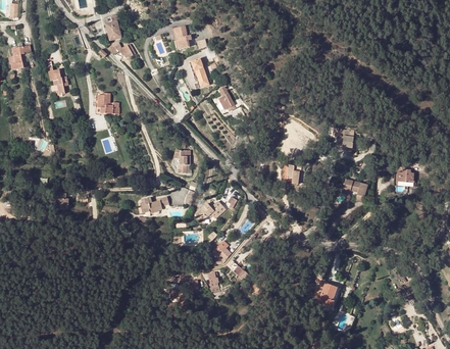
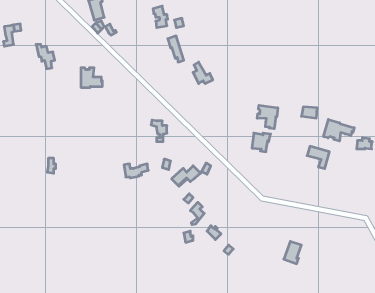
building: none -> [257,105,278,129]
building: none -> [324,119,354,141]

